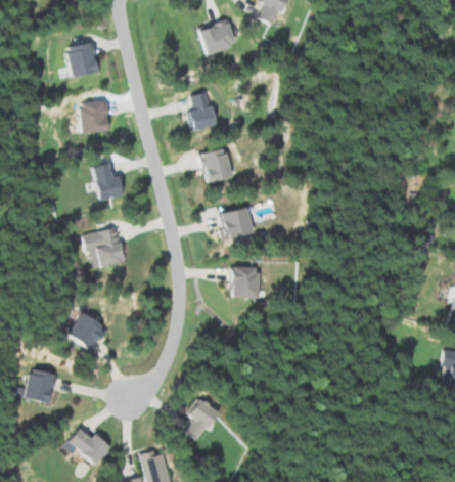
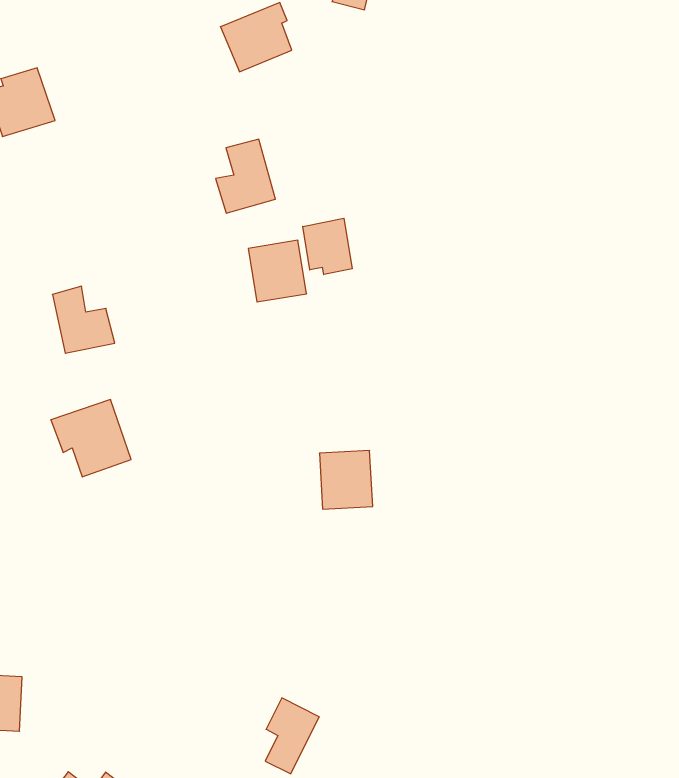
building: [81,101,109,132] -> none
building: none -> [303,218,352,275]
building: [220,207,253,238] -> none
building: [67,311,104,350] -> none

